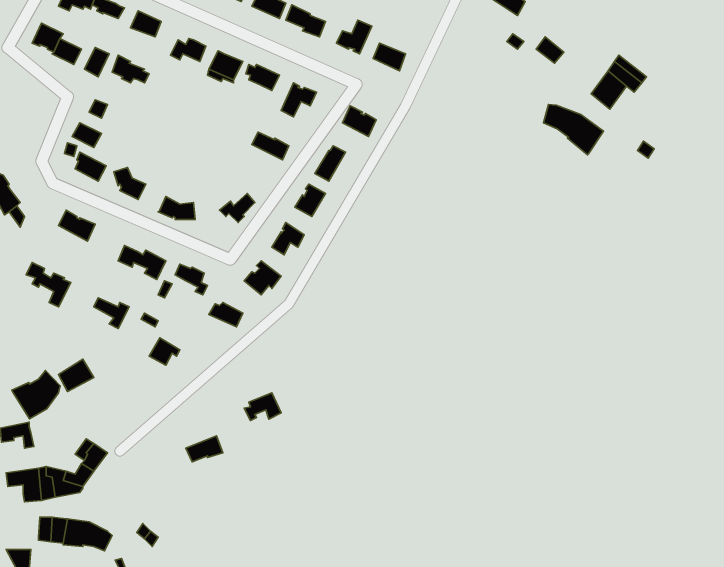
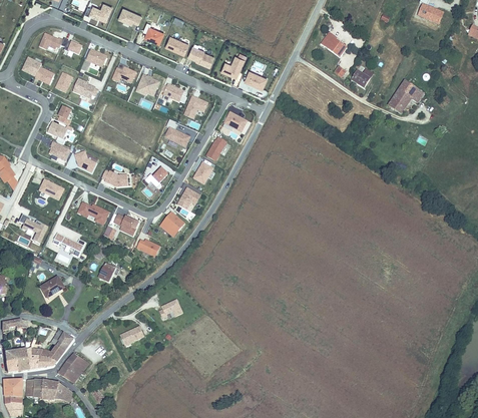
building: [544,104,604,155] -> none
building: [12,371,60,419] -> none
building: none -> [59,350,89,384]
building: none -> [5,379,24,401]

